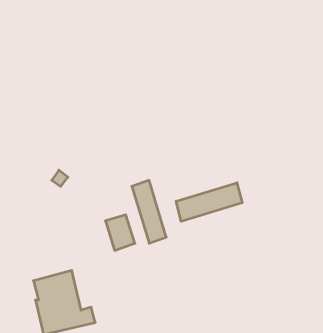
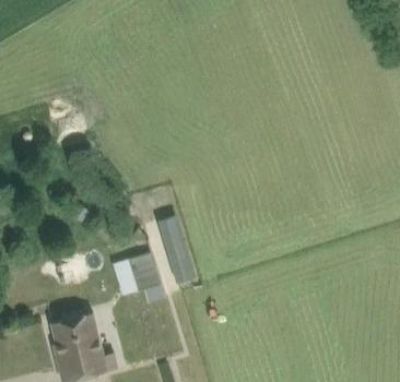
building: [176,183,242,221] -> none

